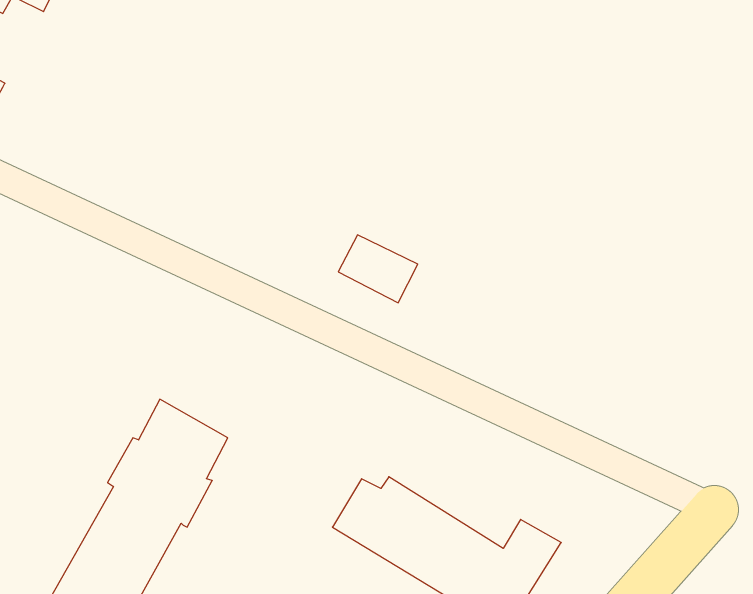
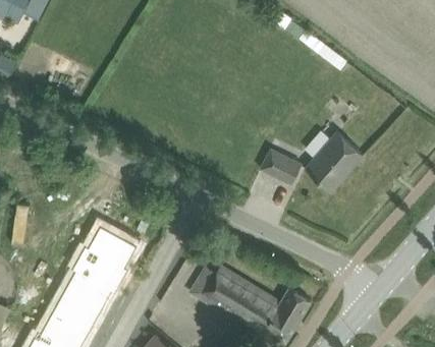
building: none -> [305,131,363,191]
building: [338,235,418,303] -> [260,149,302,184]

